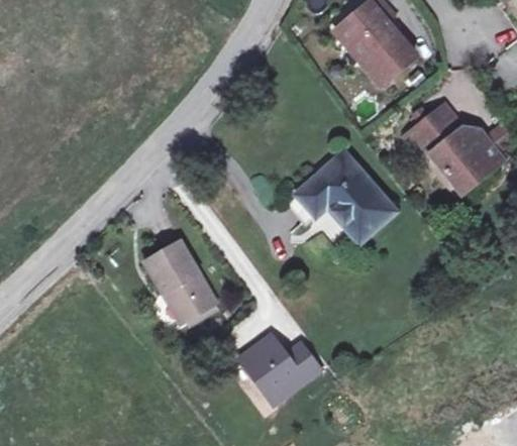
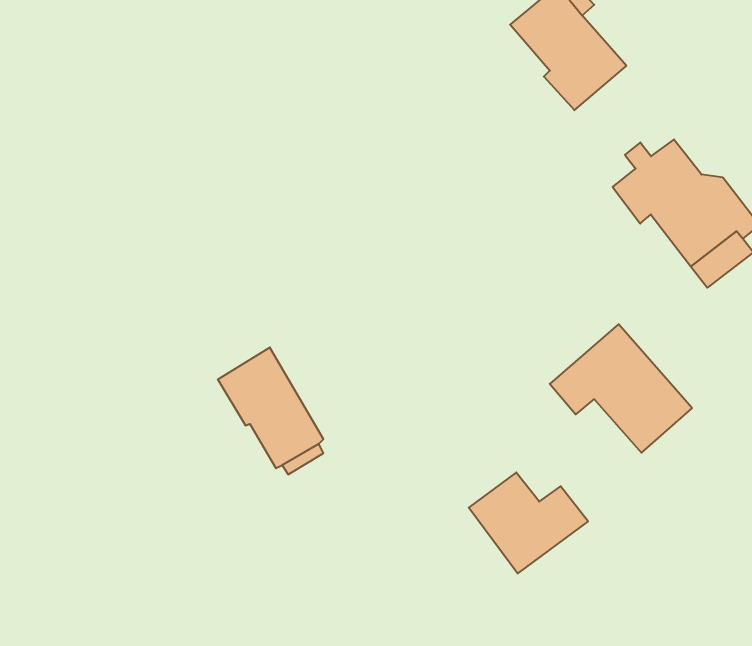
building: [297,154,391,239] -> [550,324,692,453]
building: [238,335,317,402] -> [469,472,588,573]

